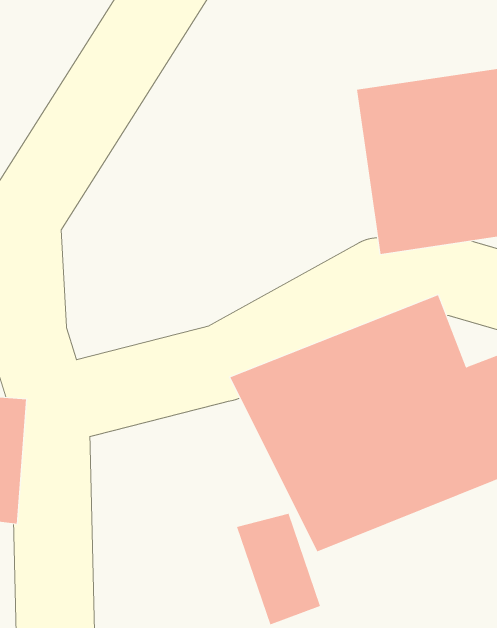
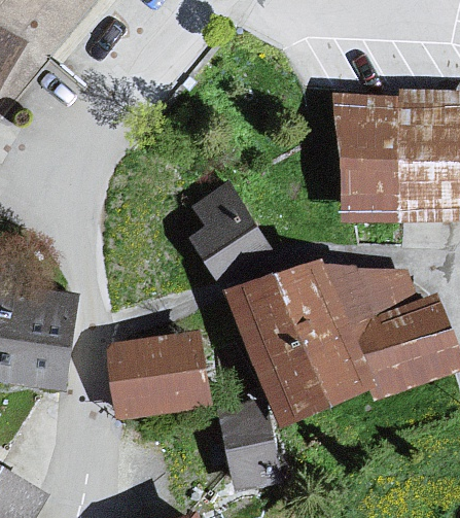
building: none -> [178,184,271,278]
building: none -> [101,325,212,417]

